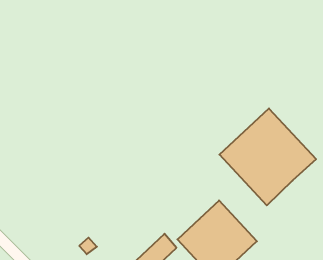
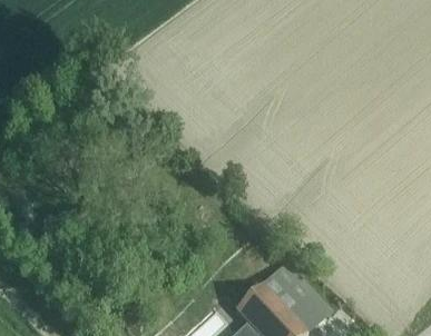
building: [219,108,316,205] -> none

